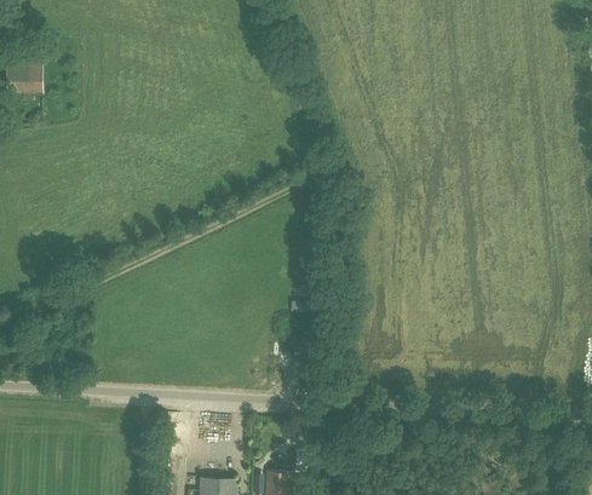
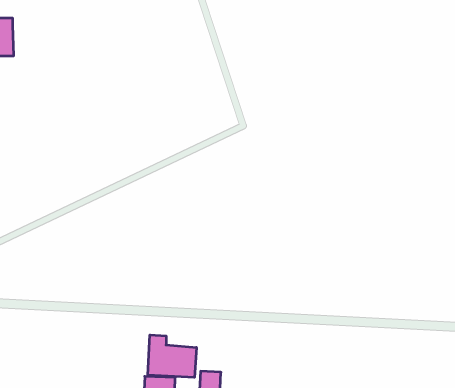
building: none -> [148,335,196,377]

